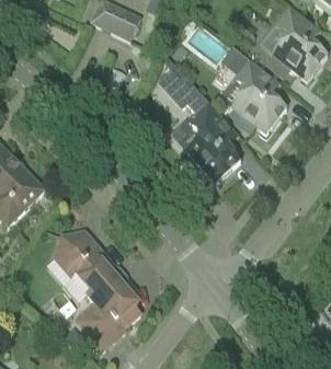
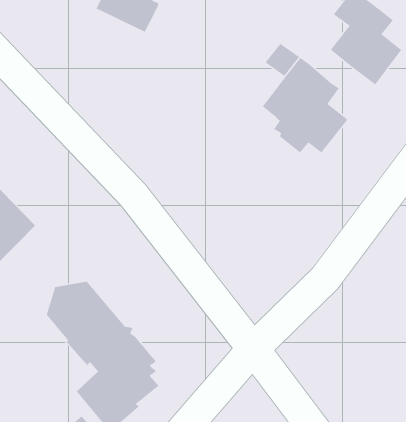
building: [160,71,240,181] -> none

